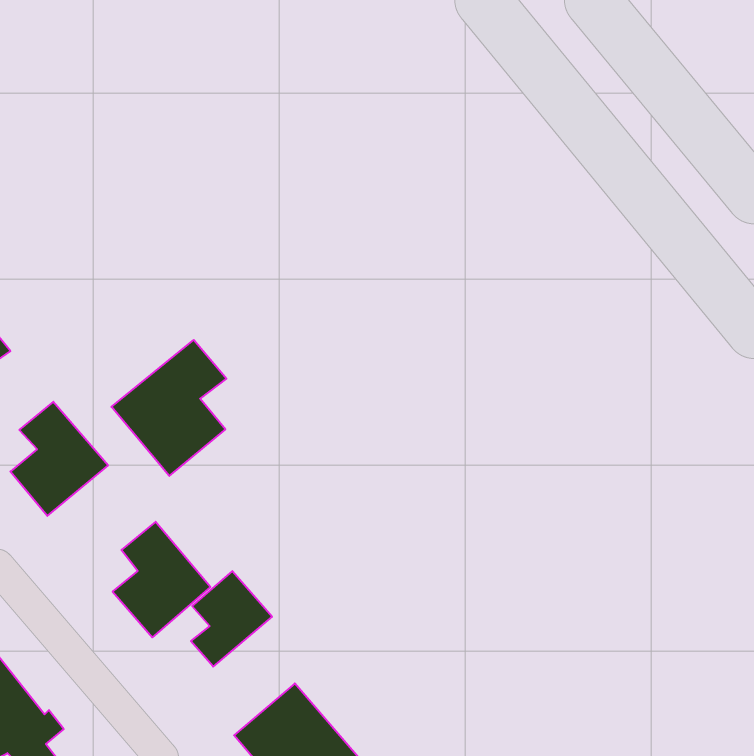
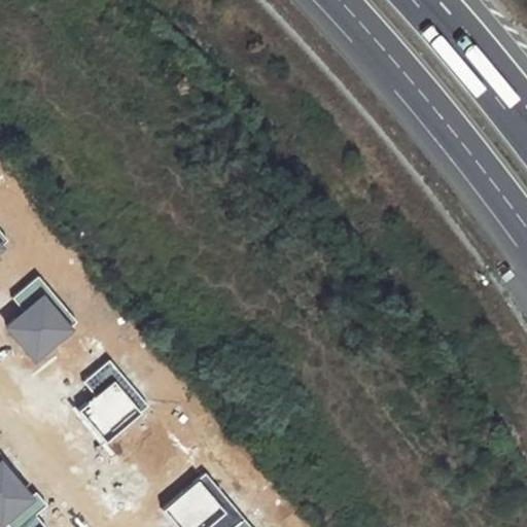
building: [111,340,226,476] -> none
building: [191,571,272,667] -> none

